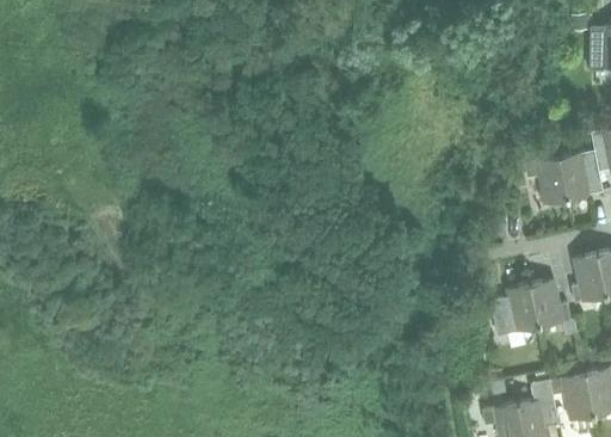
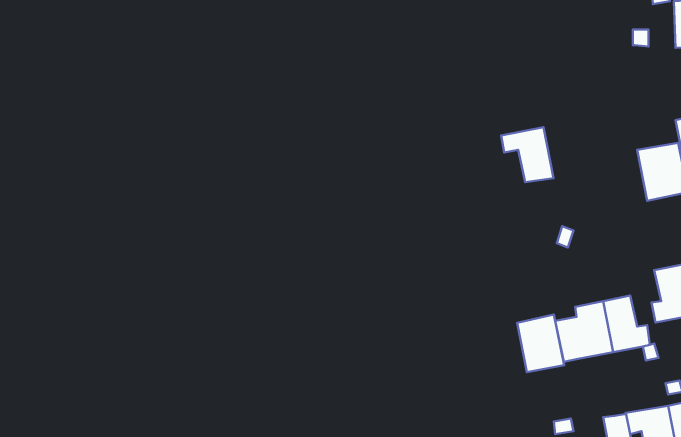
building: [524,156,568,203] -> [501,127,554,182]
building: none -> [517,314,564,372]

